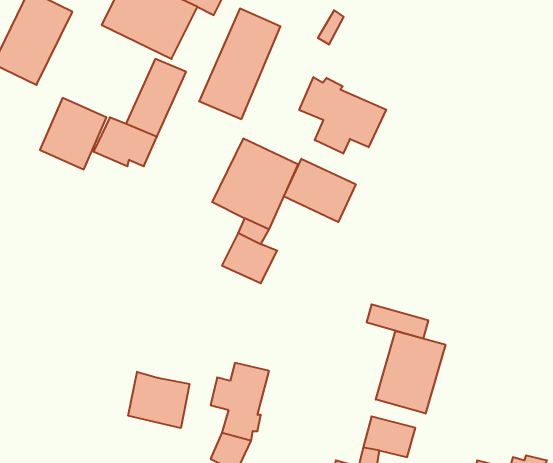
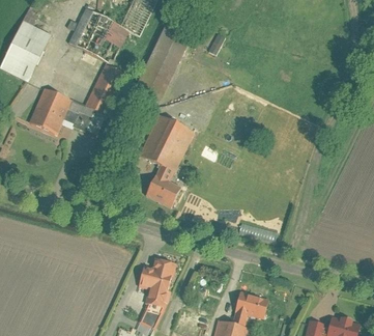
building: [299,77,386,154] -> none
building: [284,159,356,222] -> none
building: [376,331,445,414] -> none
building: [128,372,189,428] -> none

